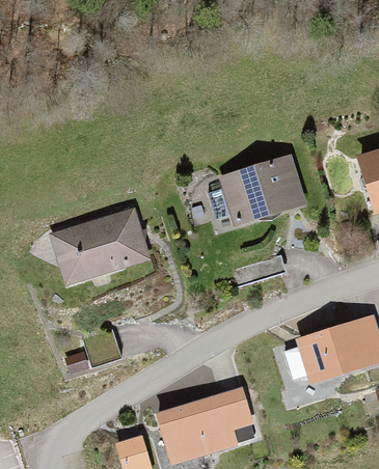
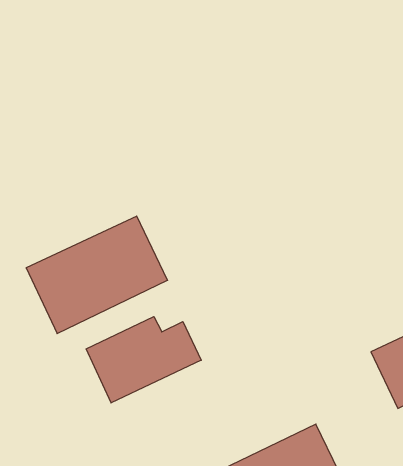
building: [215,153,306,228] -> none
building: none -> [86,317,201,403]

